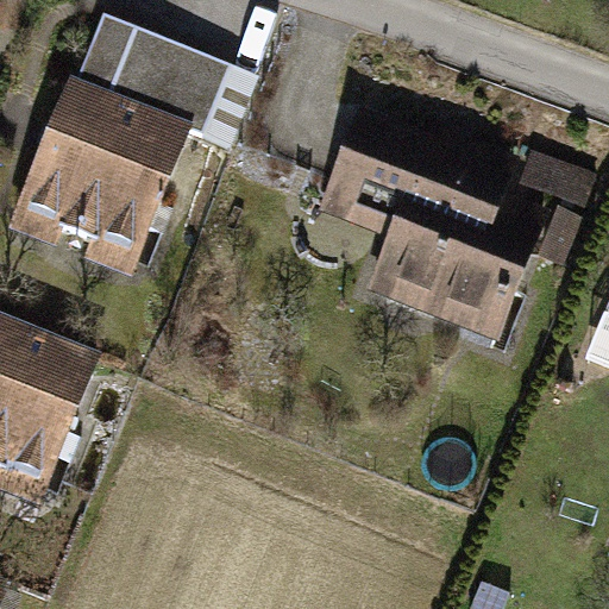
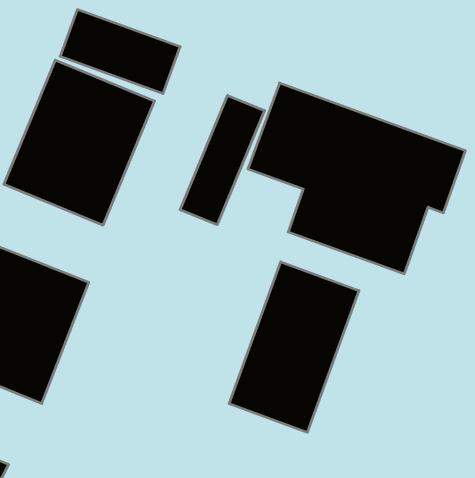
building: none -> [180,95,265,225]
building: none -> [229,262,359,432]

